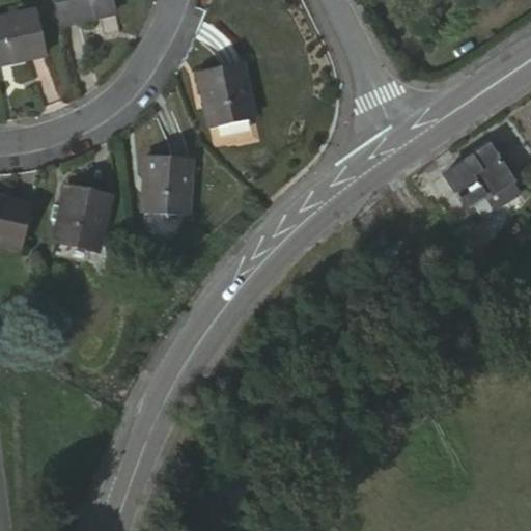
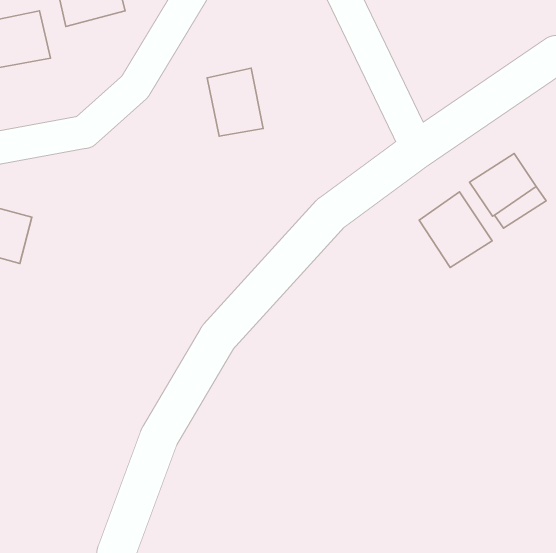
building: [142,159,193,218] -> none
building: none -> [419,192,492,268]
building: [54,181,112,248] -> none

